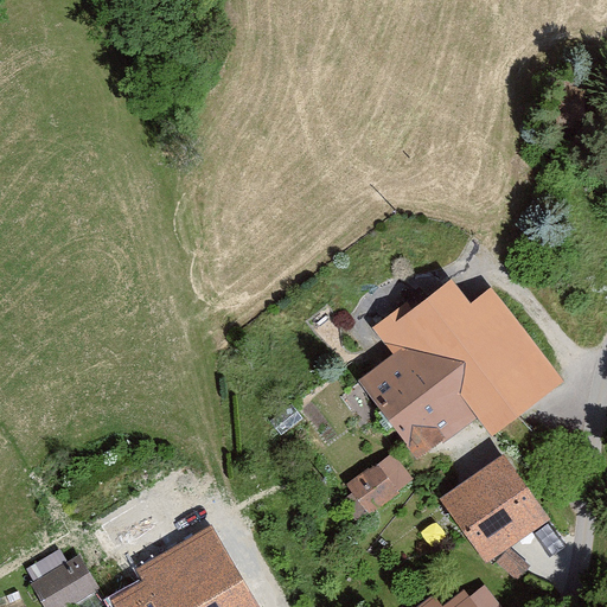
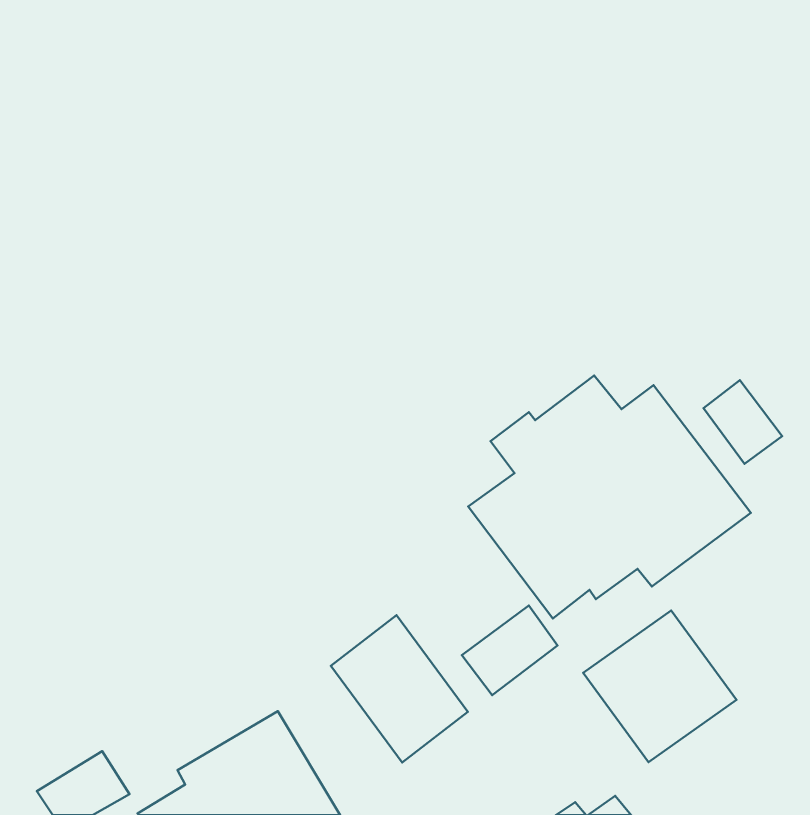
building: none -> [704,380,782,464]
building: none -> [331,615,468,763]

